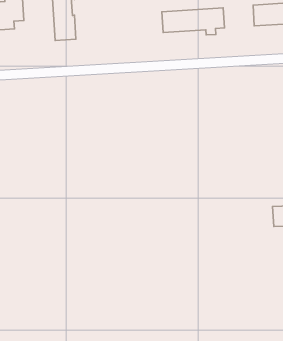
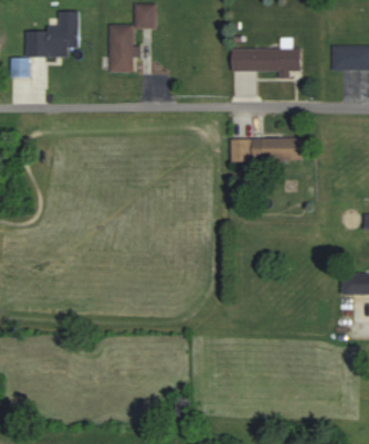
building: none -> [230,138,303,162]

